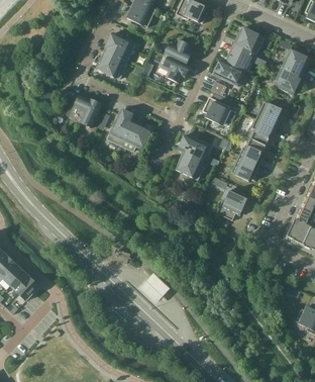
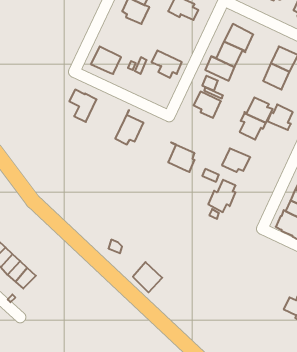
building: [105,32,136,61] -> none
building: [165,39,192,66] -> none
building: [107,108,135,145] -> none
building: [179,134,210,160] -> none
building: [239,137,266,164] -> [267,104,293,130]

